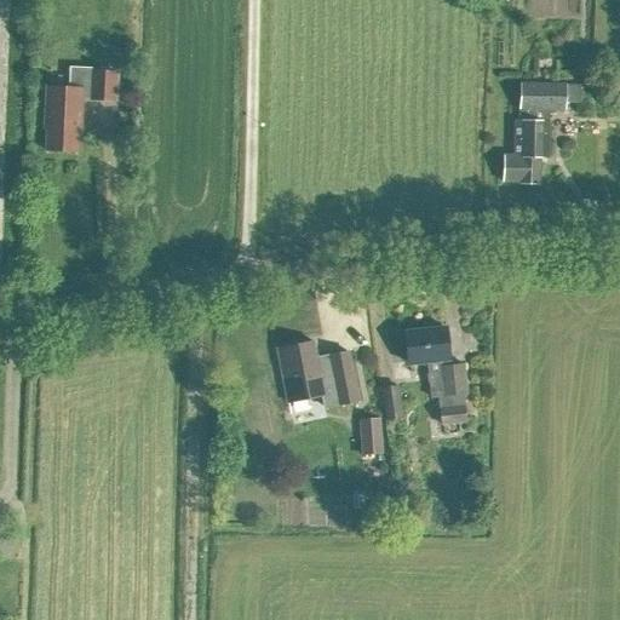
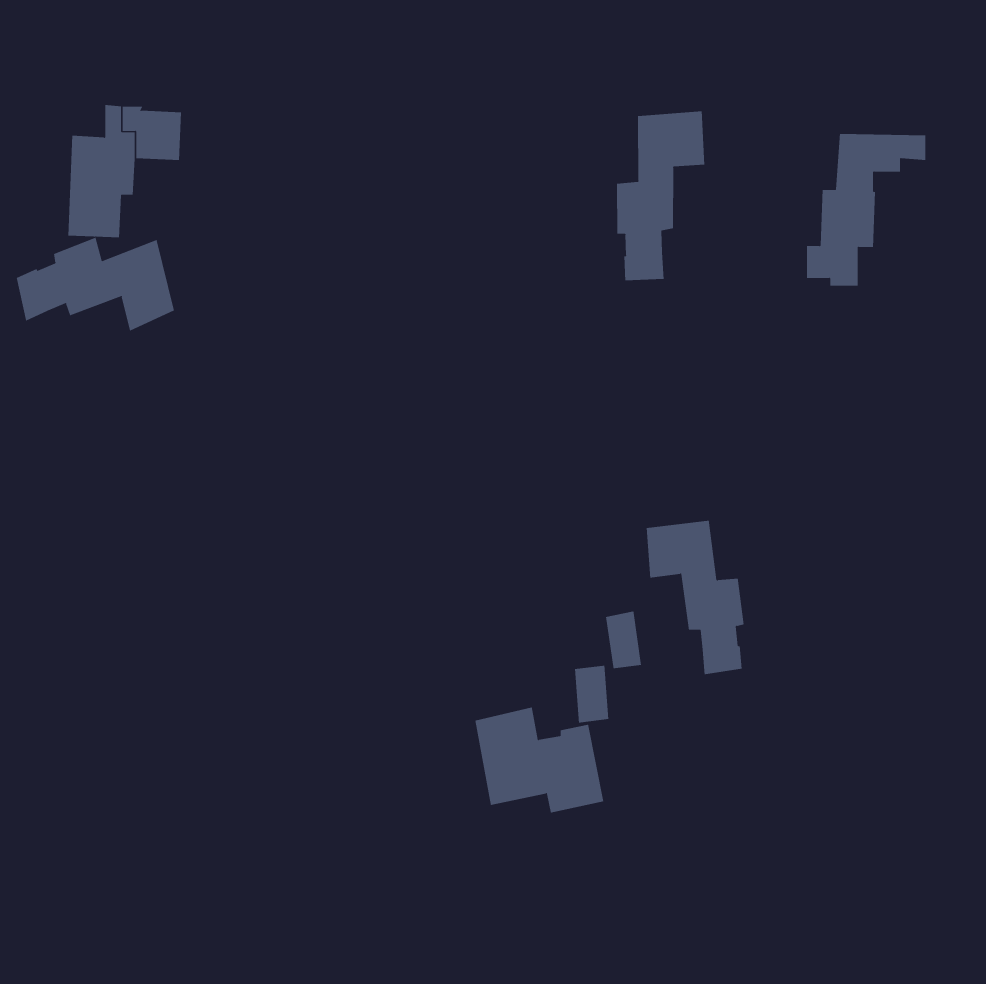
building: none -> [617,111,705,281]
building: none -> [16,237,175,332]
building: [277,339,358,406] -> [475,707,604,813]

